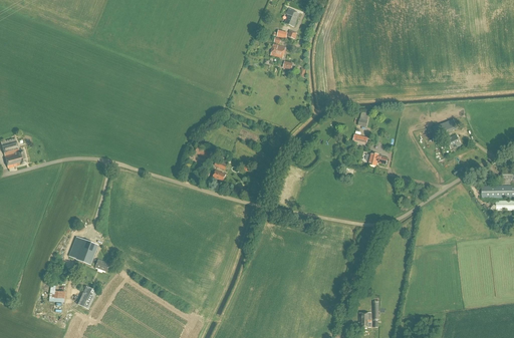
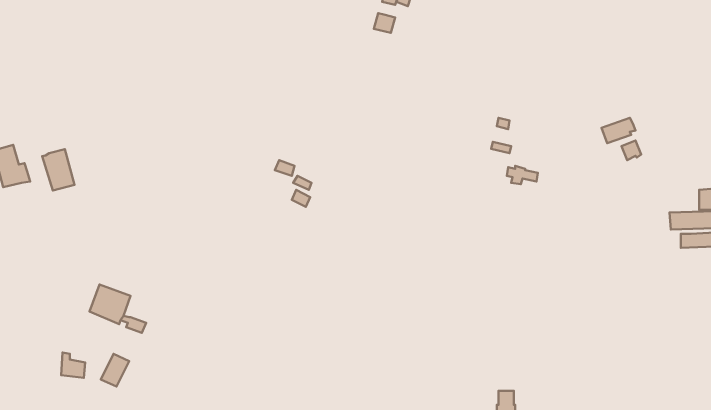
building: none -> [42,149,74,191]

